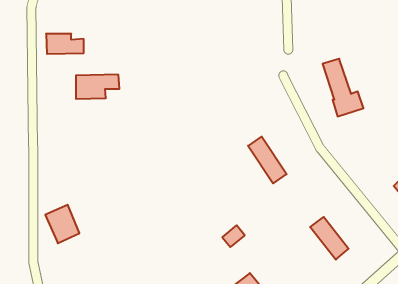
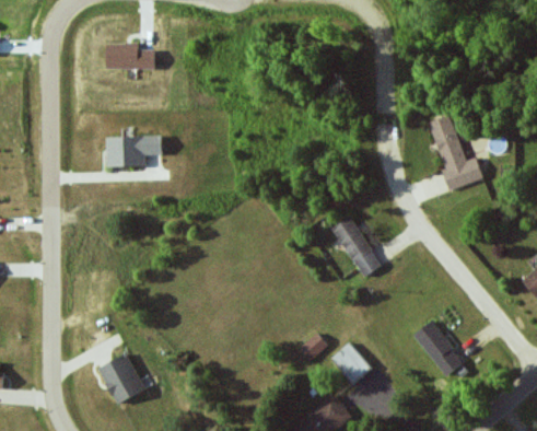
building: [46,34,84,54] -> [105,43,154,69]
building: [45,205,79,243] -> [98,353,143,404]
building: none -> [330,342,370,383]

